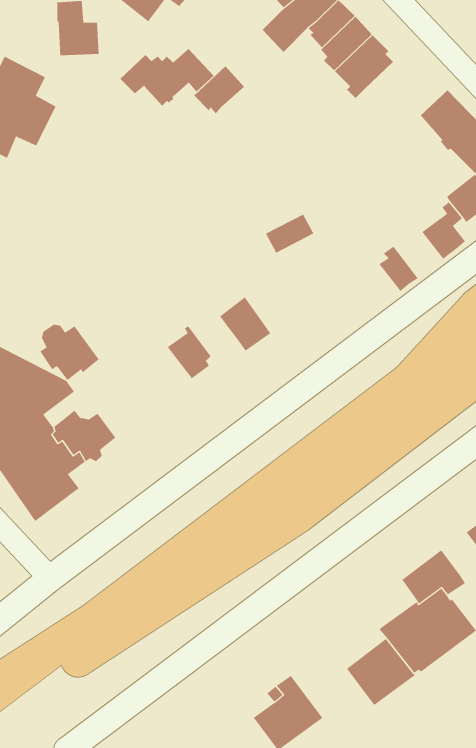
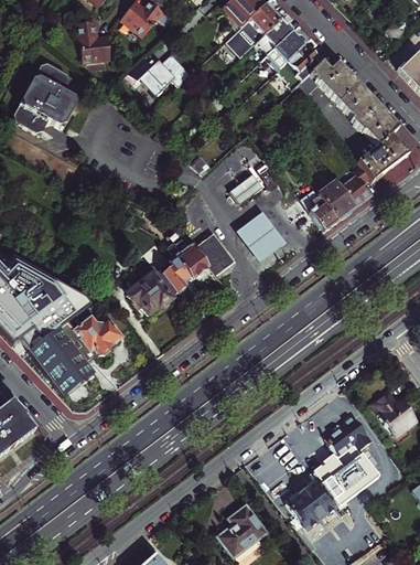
building: none -> [300,62,359,103]
building: [193,65,245,114] -> none
building: none -> [319,181,356,220]
building: none -> [237,211,286,260]
building: none -> [166,236,209,278]
building: [40,324,99,381] -> [128,273,171,313]

